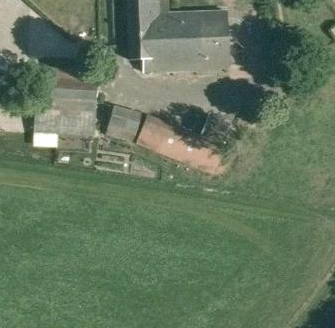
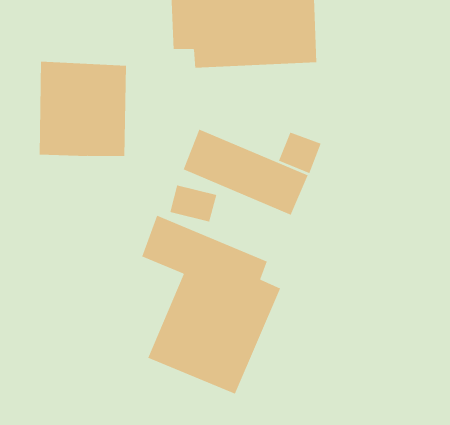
building: [109,105,142,131] -> [169,185,217,222]
building: none -> [142,215,281,395]

